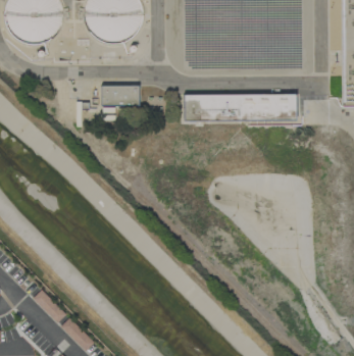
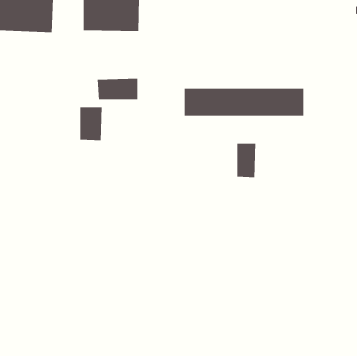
building: none -> [80,107,102,141]
building: none -> [237,143,256,178]

